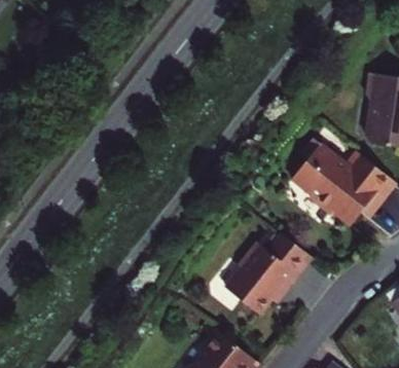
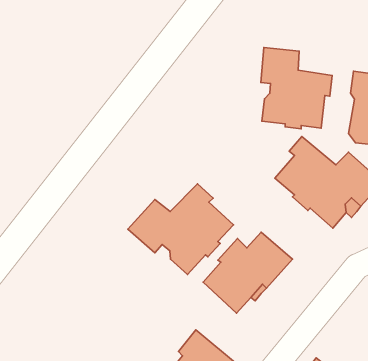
building: none -> [261,47,332,129]
building: none -> [128,184,234,274]

